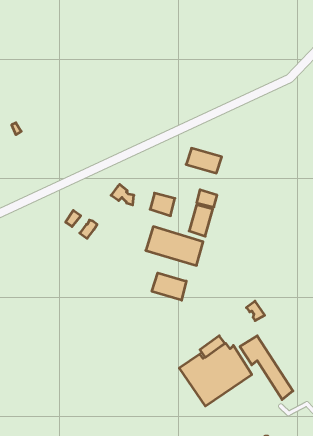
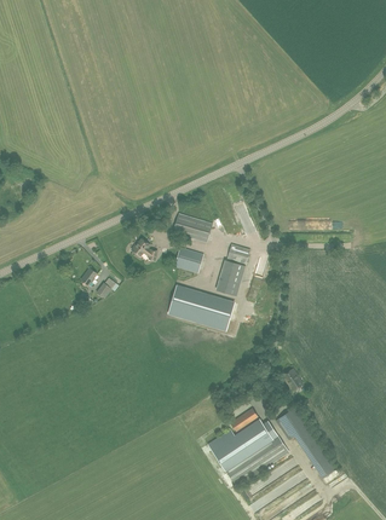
building: [186,148,222,173] -> [171,213,211,241]
building: [152,273,186,300] -> none

